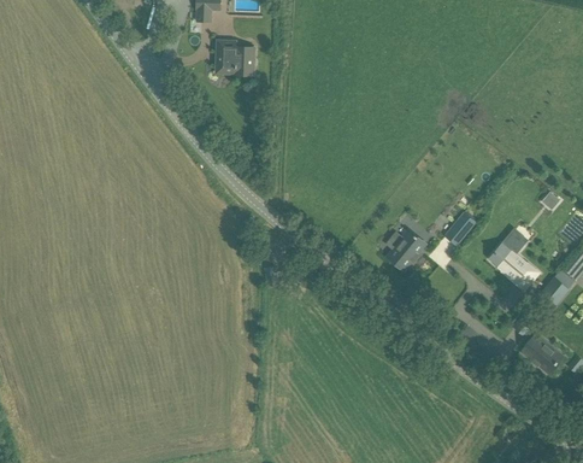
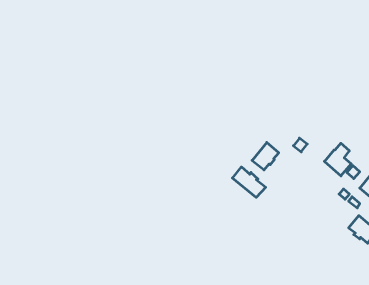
building: [216,39,254,74] -> none
building: none -> [232,167,266,197]

